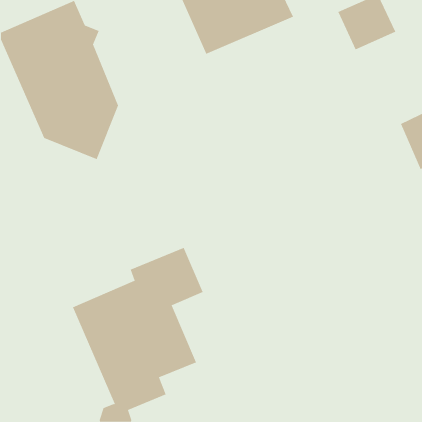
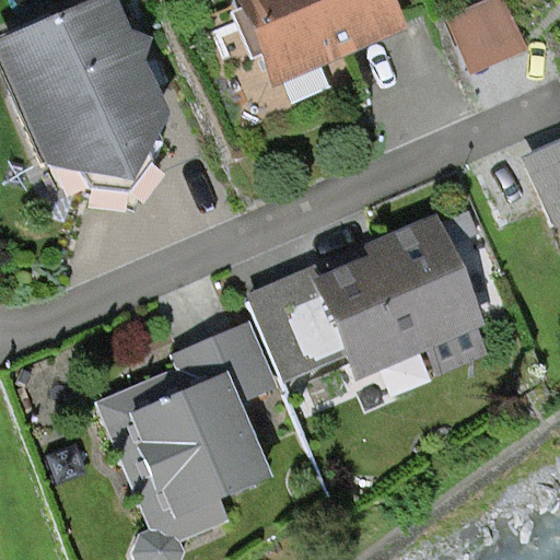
building: none -> [249,224,481,388]

